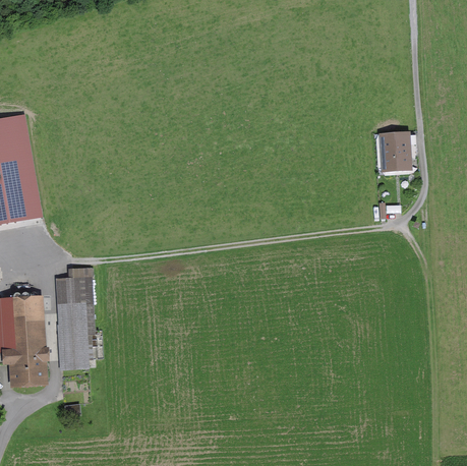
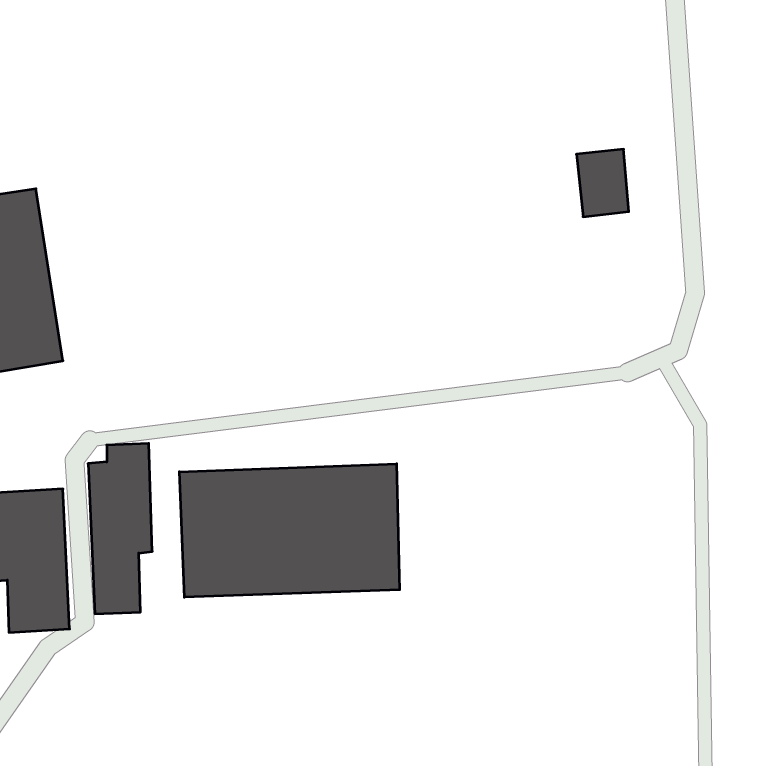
building: [380,133,411,174] -> [576,149,629,217]
building: none -> [179,464,400,597]

